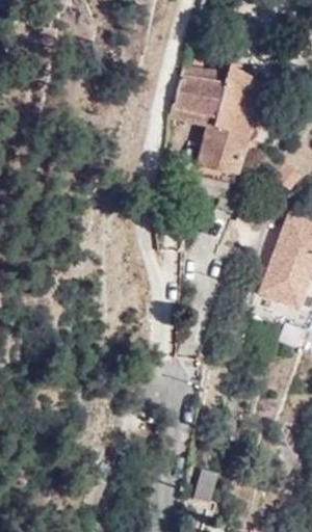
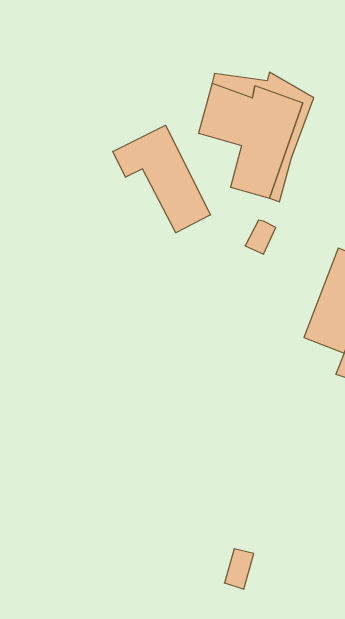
building: none -> [113,125,211,233]

